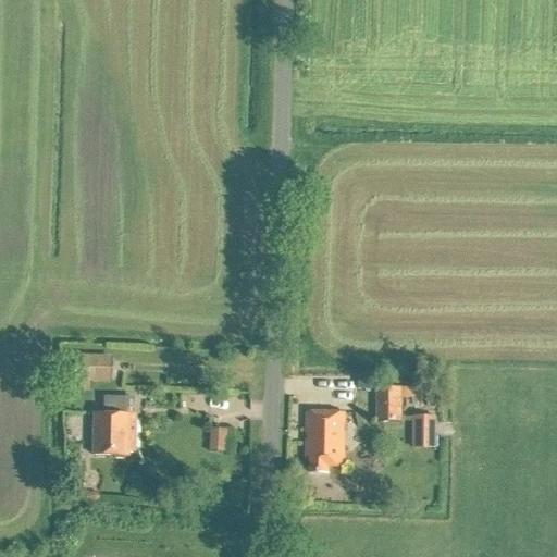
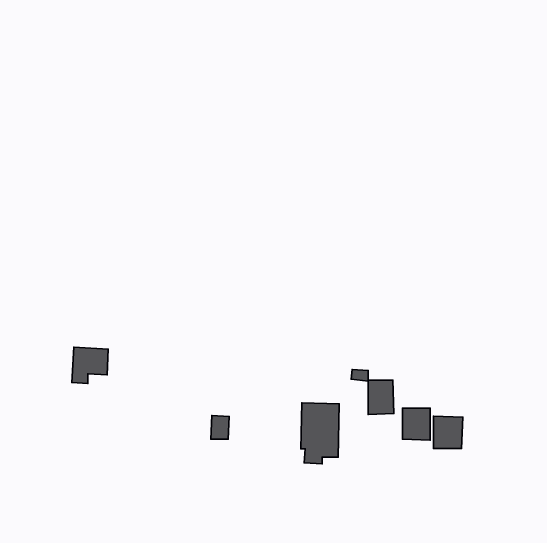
building: [94,395,136,453] -> none
building: none -> [434,416,463,448]

